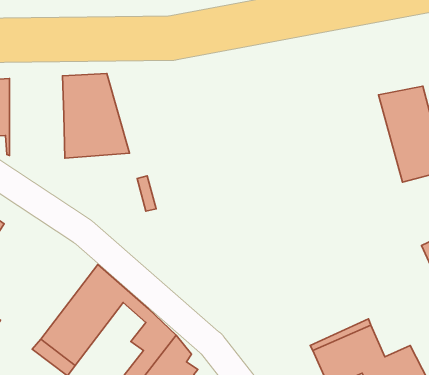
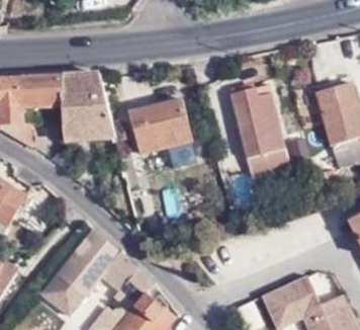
building: none -> [20,77,64,146]
building: none -> [231,89,288,177]
building: none -> [132,103,193,157]

